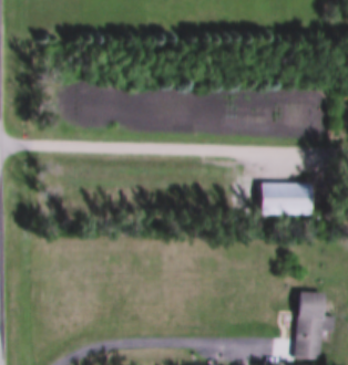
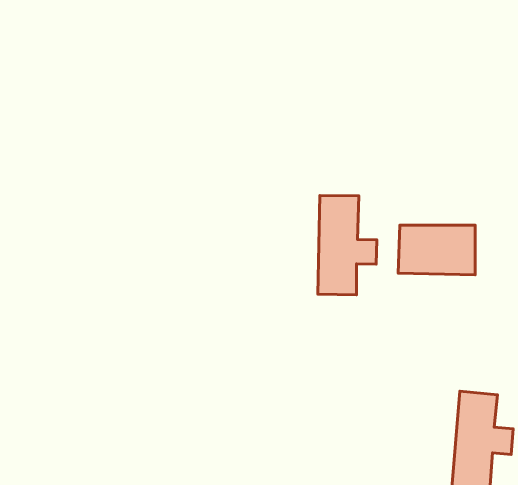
building: none -> [318,195,377,295]

